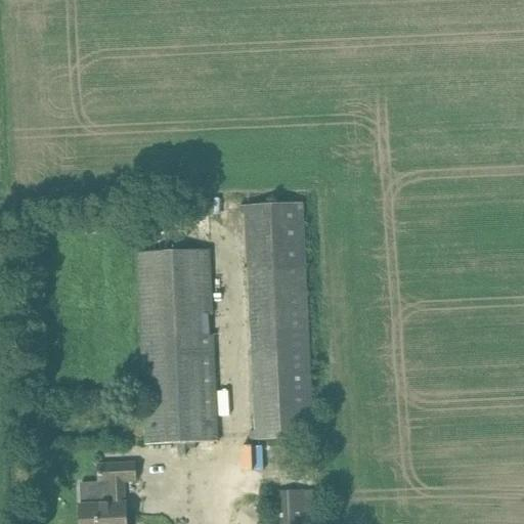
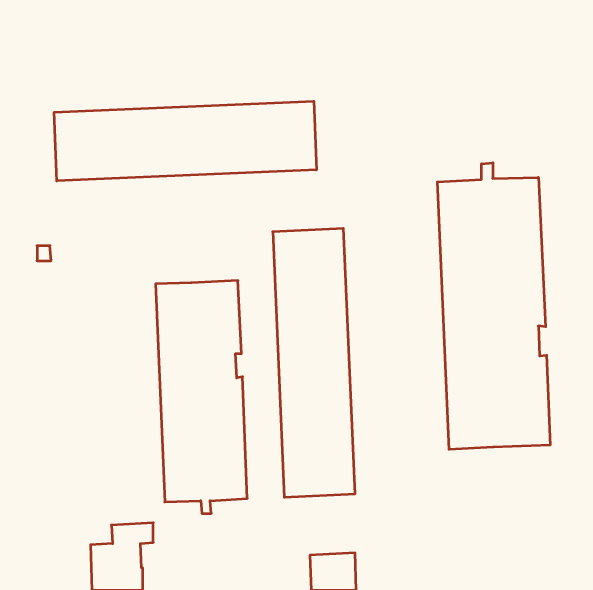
building: none -> [54,101,316,181]
building: none -> [437,163,550,449]

